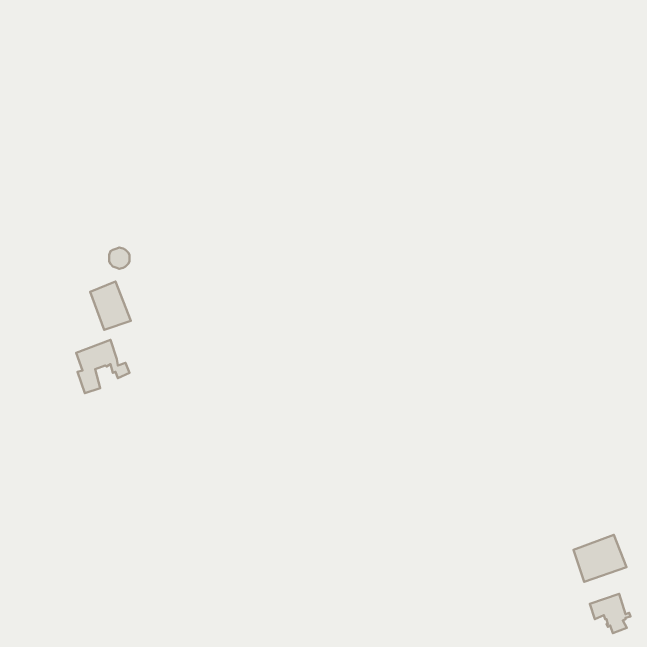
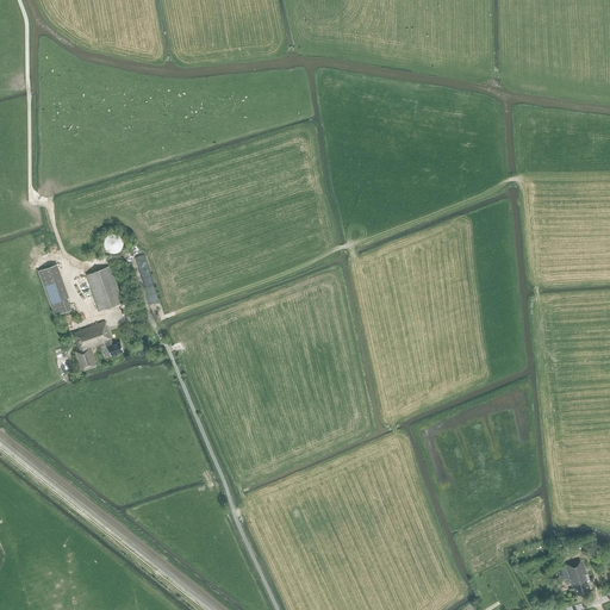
building: none -> [37,263,70,315]
building: [574,535,627,582] -> none

